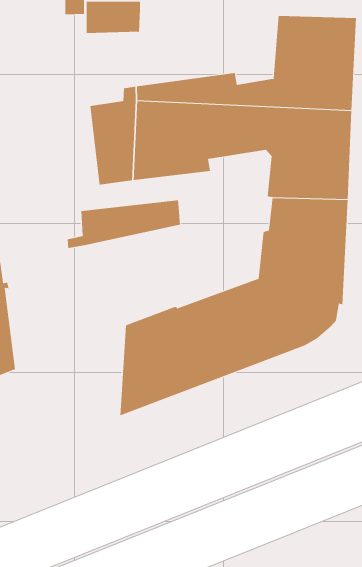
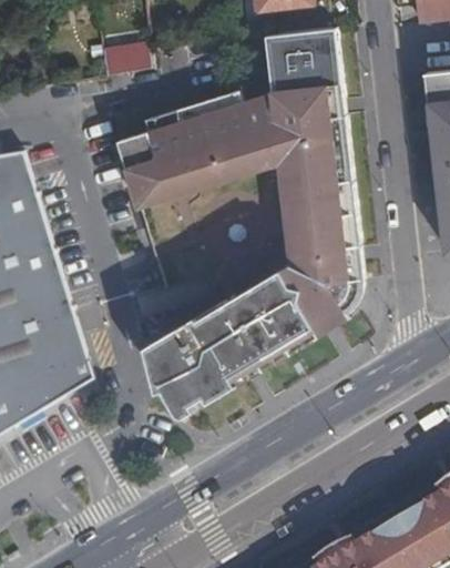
building: [67,199,180,249] -> none
building: none -> [141,325,188,417]

